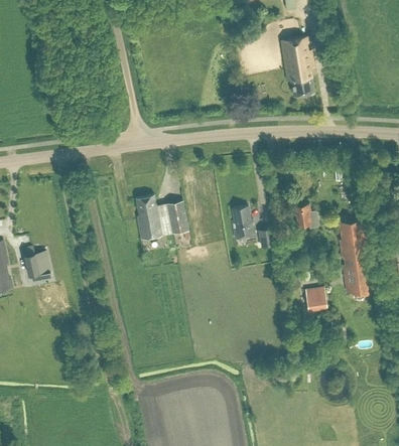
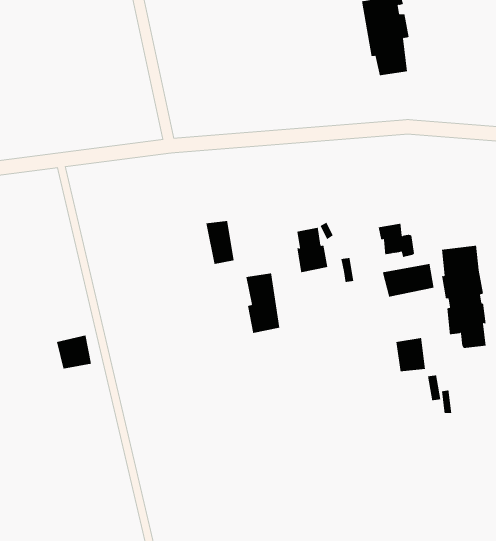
building: [136,196,161,241] -> [246,273,280,333]
building: none -> [382,263,434,298]
building: [25,251,51,276] -> [56,335,92,369]

